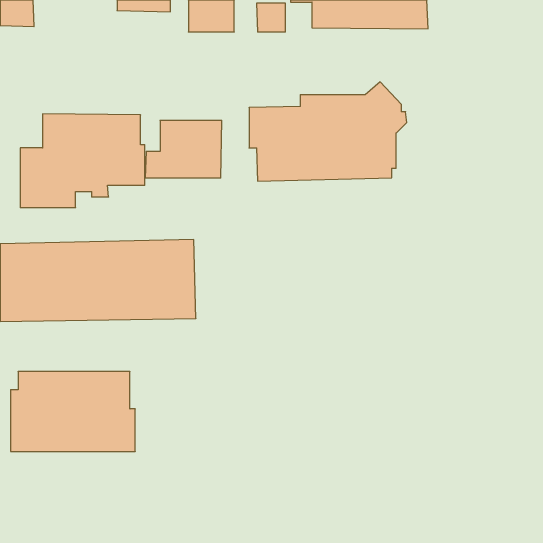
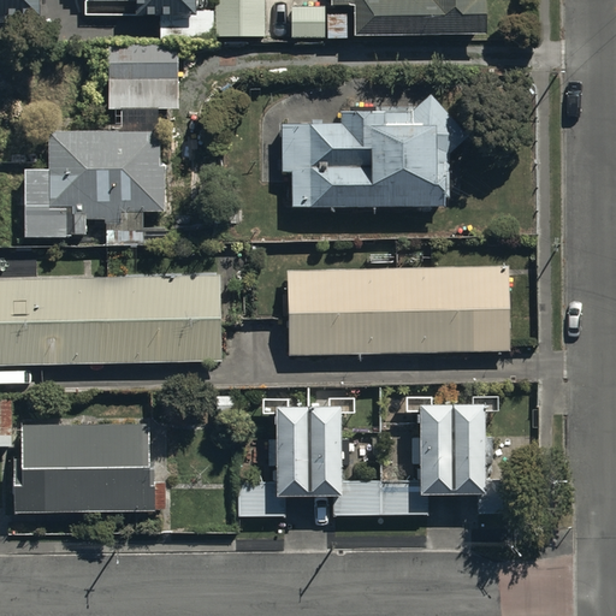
building: [145,120,222,178] -> [91,43,178,108]
building: none -> [288,266,508,355]
building: none -> [238,401,485,517]

